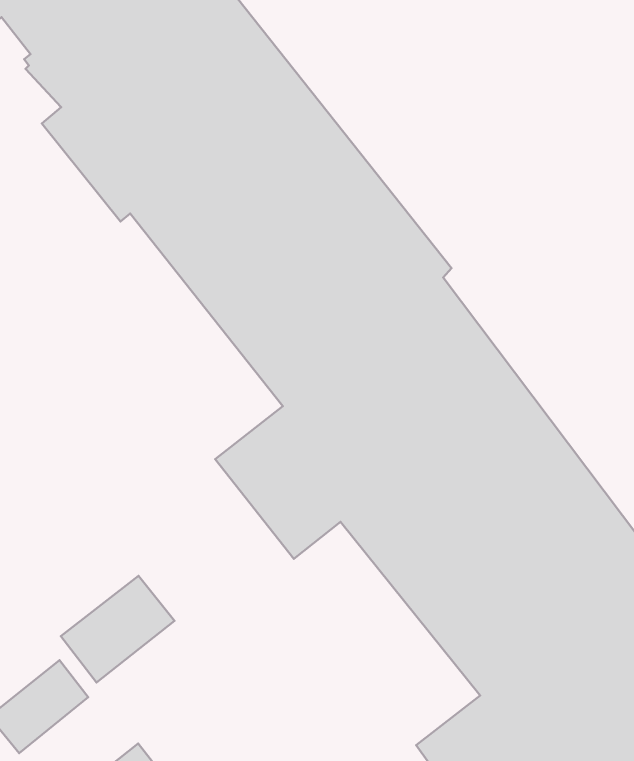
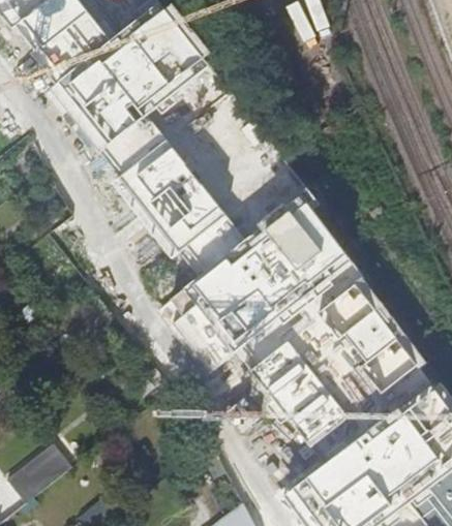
building: [61,576,175,683] -> none

